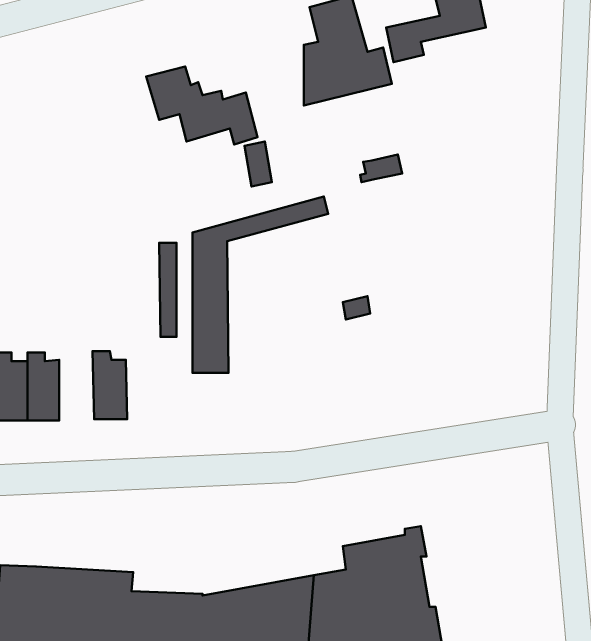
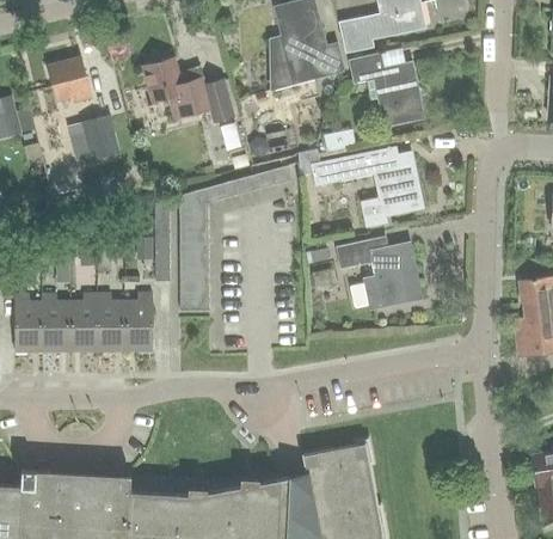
building: none -> [348,53,423,128]
building: none -> [47,56,92,103]
building: none -> [75,115,121,163]
building: none -> [309,146,423,228]
building: none -> [337,237,420,307]
building: none -> [70,293,99,350]
building: none -> [125,293,154,349]

